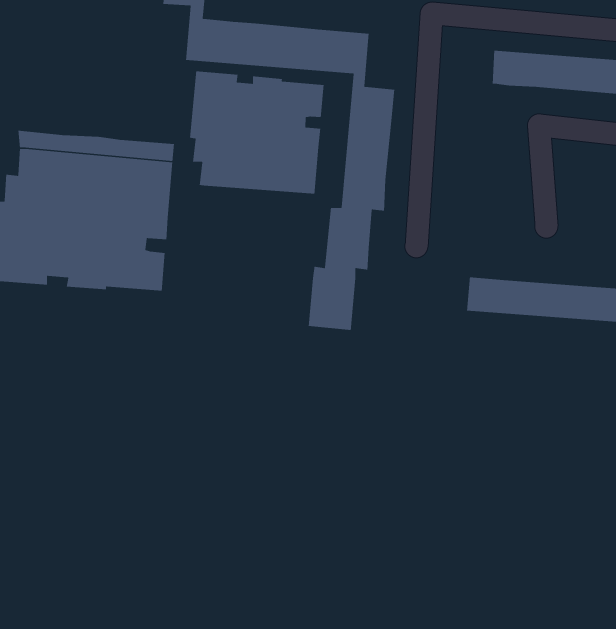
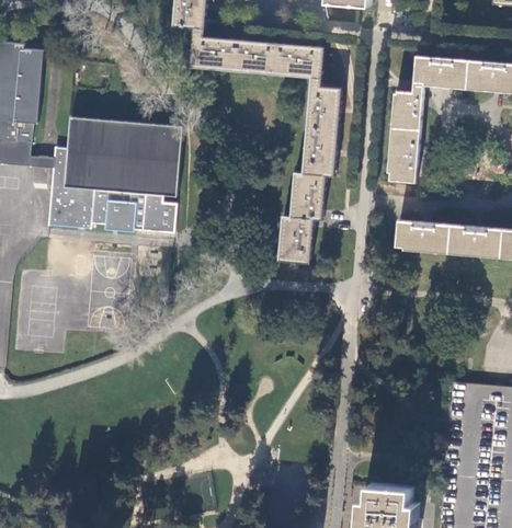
building: [189,70,325,195] -> none
building: none -> [390,83,423,187]

